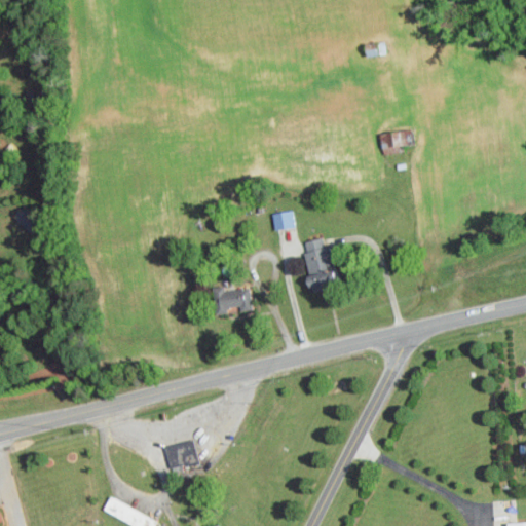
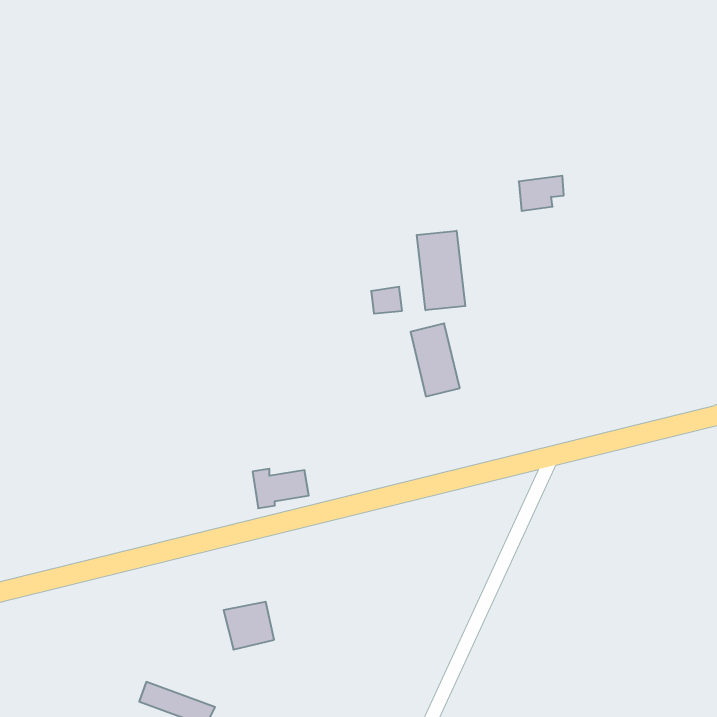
building: none -> [417,231,465,310]
building: [212,287,253,315] -> [253,469,309,508]

